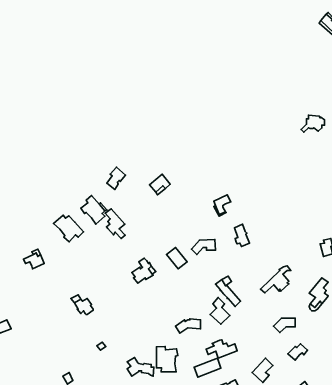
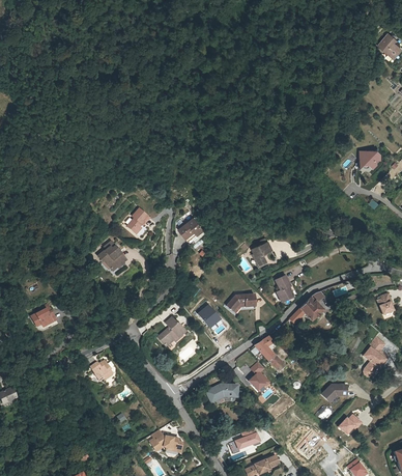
building: [105,209,125,239] -> none
building: [54,215,84,242] -> none
building: [260,266,291,293] -> [290,292,325,324]
building: [206,340,237,358] -> none
building: [156,347,178,372] -> none

